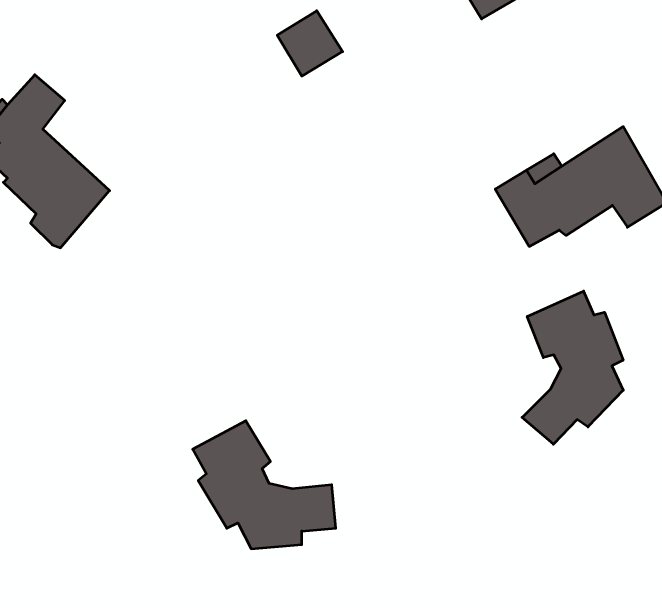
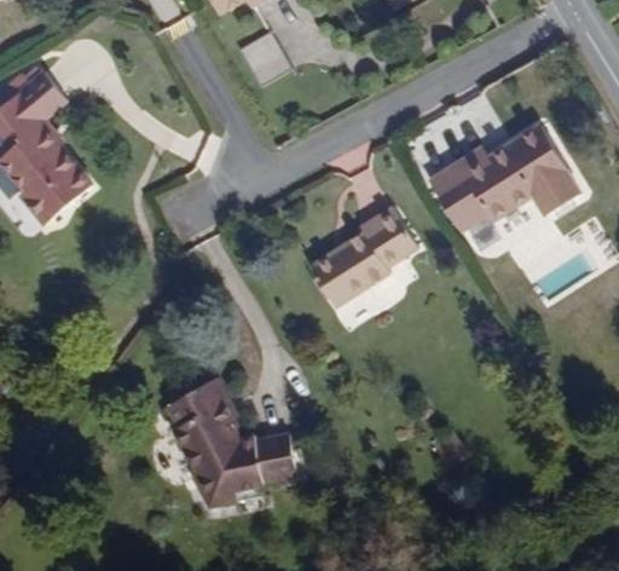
building: none -> [328,207,434,310]
building: [522,291,623,444] -> none

